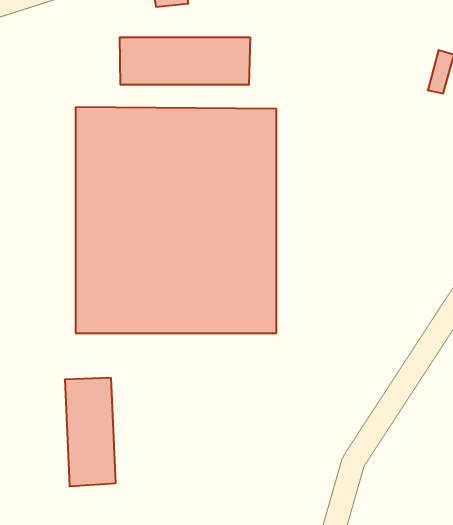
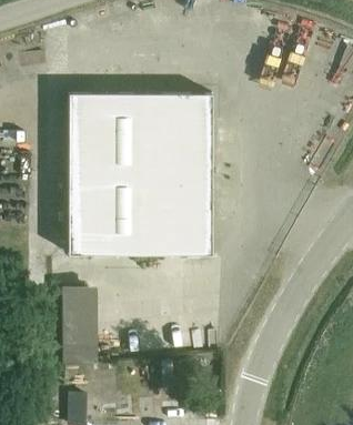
building: [120,37,250,85] -> none

